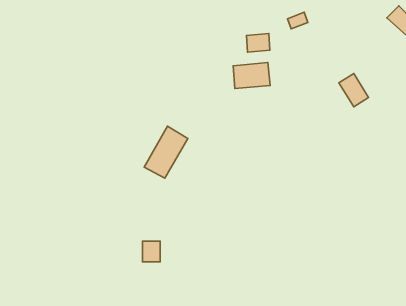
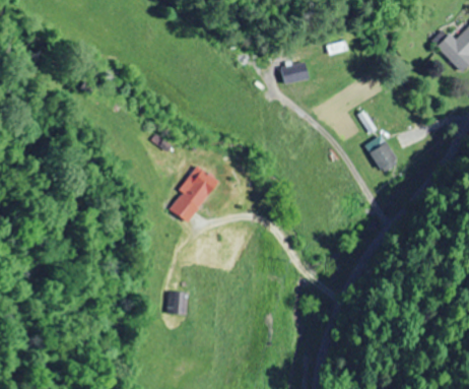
building: [233,63,270,89] -> none
building: [339,73,369,107] -> [365,135,398,172]

